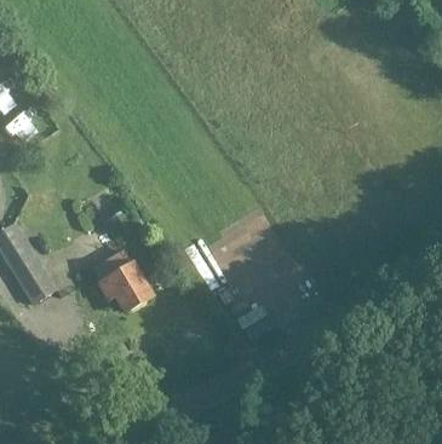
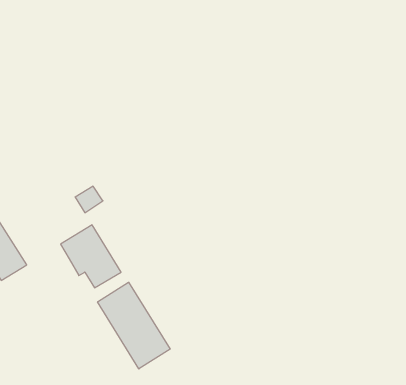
building: none -> [98,282,170,369]

